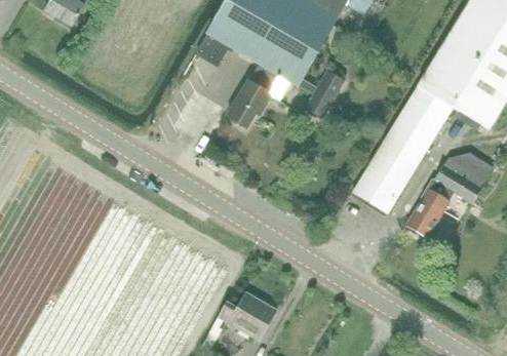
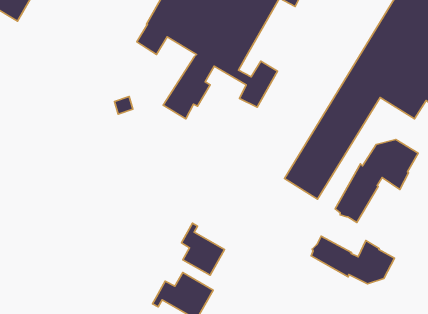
building: none -> [181,223,225,275]
building: none -> [311,236,394,284]

